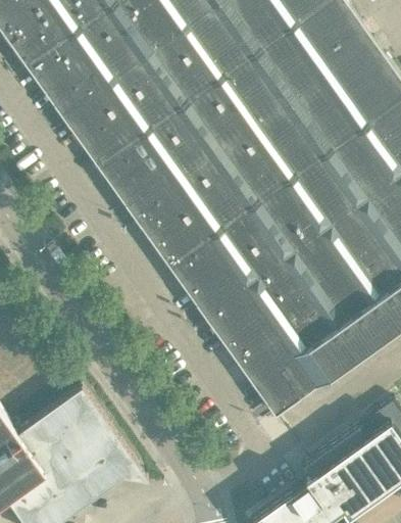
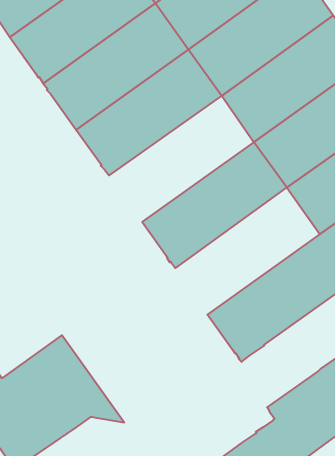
building: [133,130,289,266] -> none
building: [204,229,360,366] -> none

